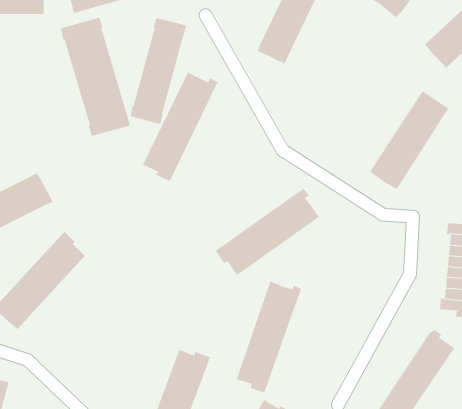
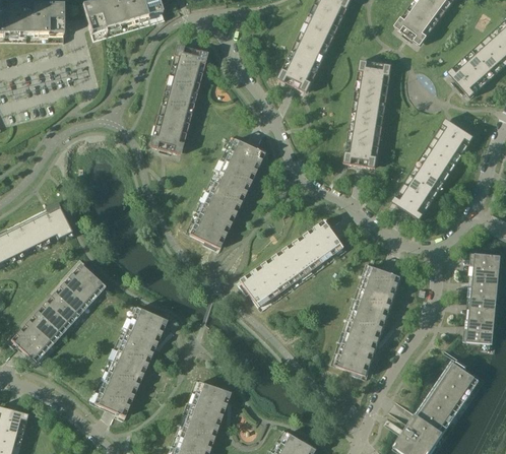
building: [61,17,131,137] -> none
building: none -> [344,60,393,168]
building: [142,72,218,182] -> [190,139,267,251]
building: none -> [94,307,170,419]
building: [236,281,302,393] -> [336,265,403,379]

